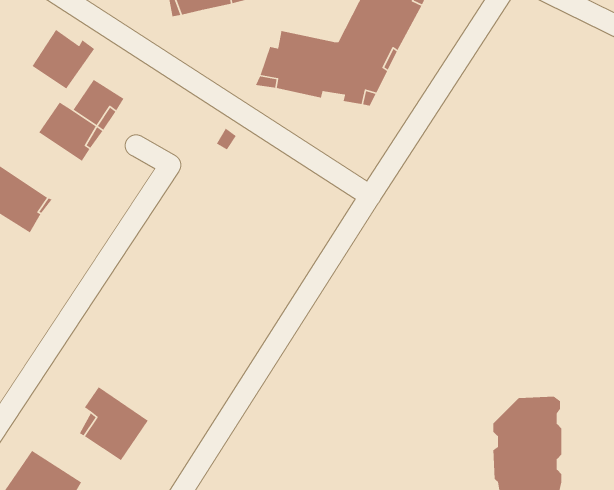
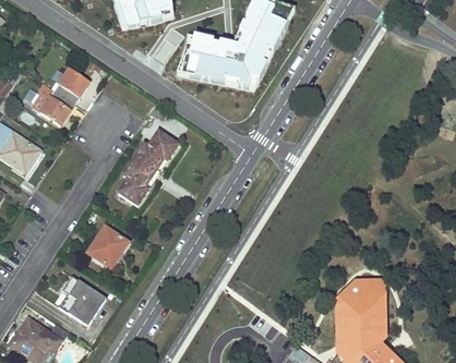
building: [32,29,95,90] -> none
building: none -> [119,131,178,203]
building: none -> [87,226,129,266]

